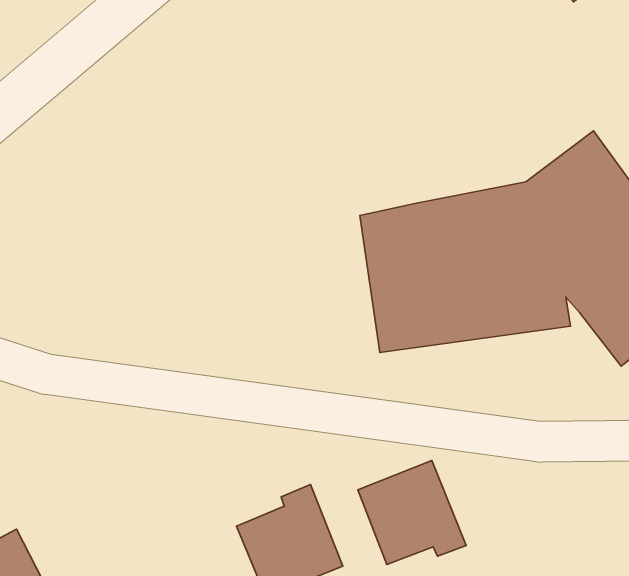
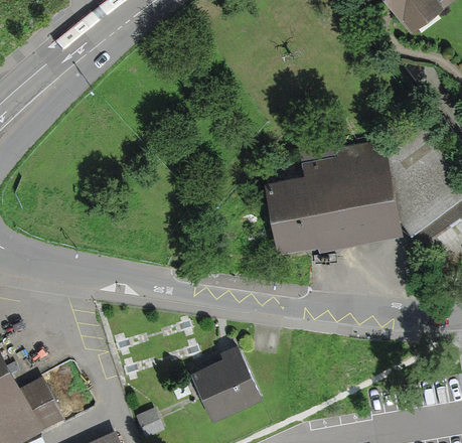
building: [358,460,466,565] -> none

